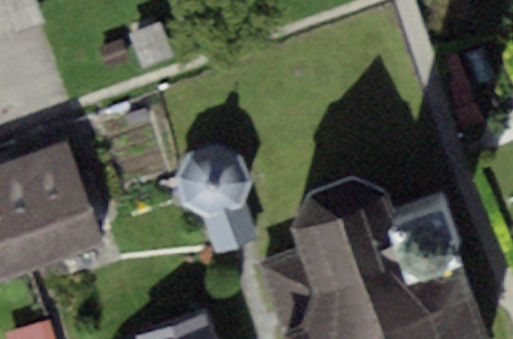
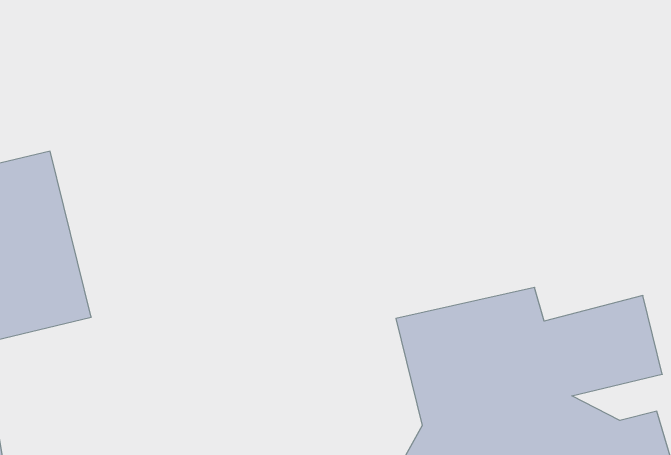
building: [188,156,258,243] -> none

